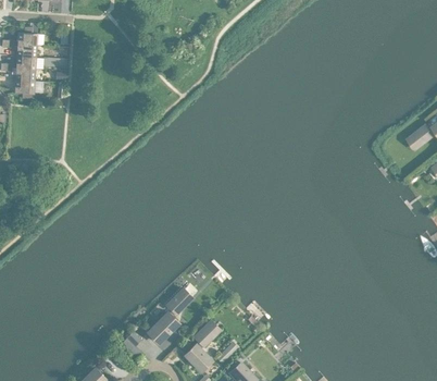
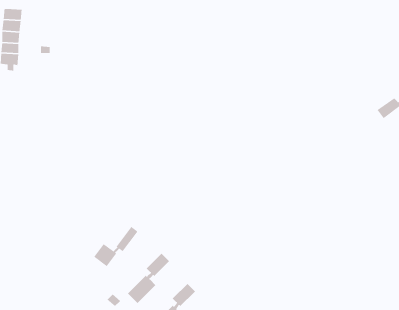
building: none -> [93,226,139,267]

